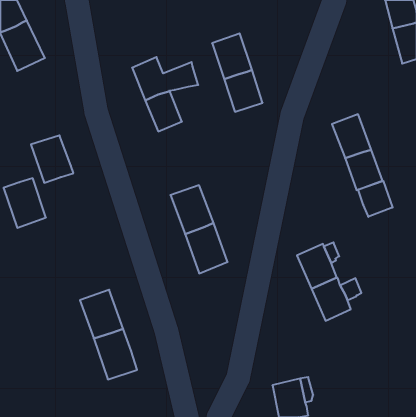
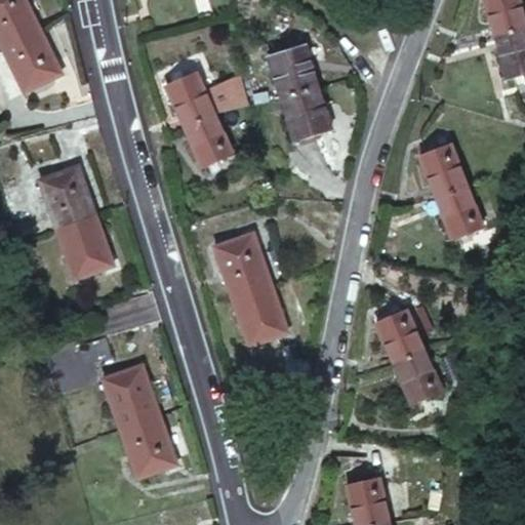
building: [3,178,46,228] -> [56,217,110,280]
building: [358,181,393,217] -> none

